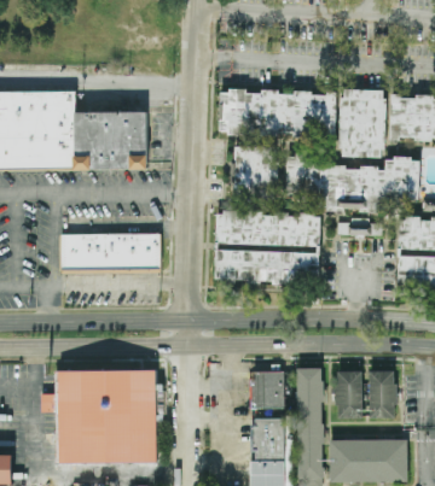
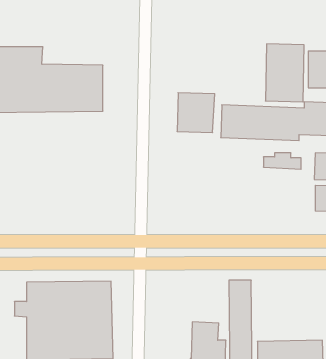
building: [219,90,336,135] -> none
building: [214,210,321,283] -> none
building: [59,234,160,274] -> none
building: [336,370,362,418] -> none
building: [369,370,395,417] -> none
building: [251,371,285,408] -> none

